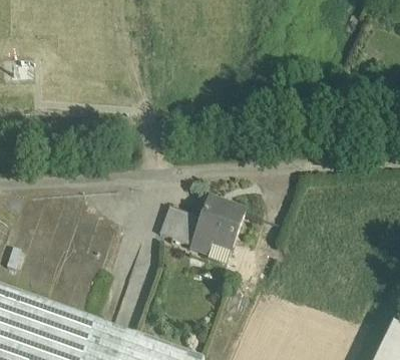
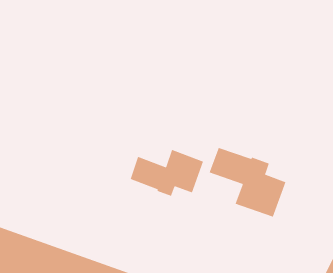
building: none -> [209,147,286,217]

